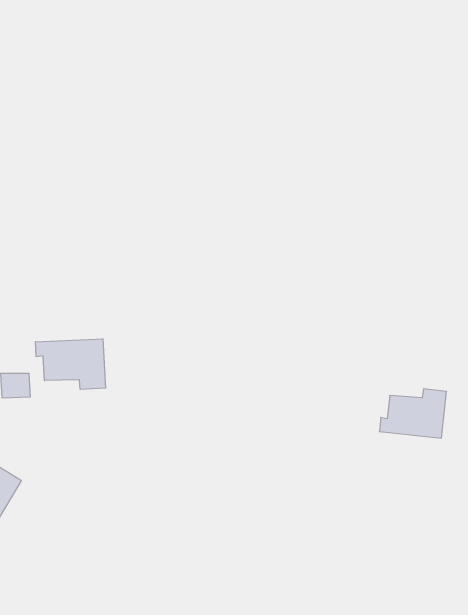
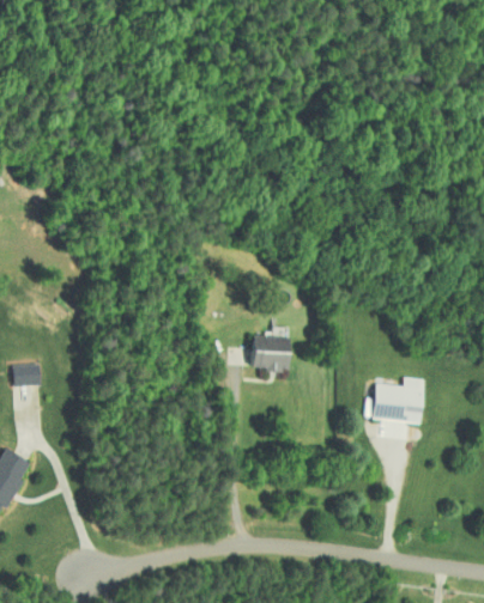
building: [36,339,106,389] -> none
building: none -> [249,335,292,368]

